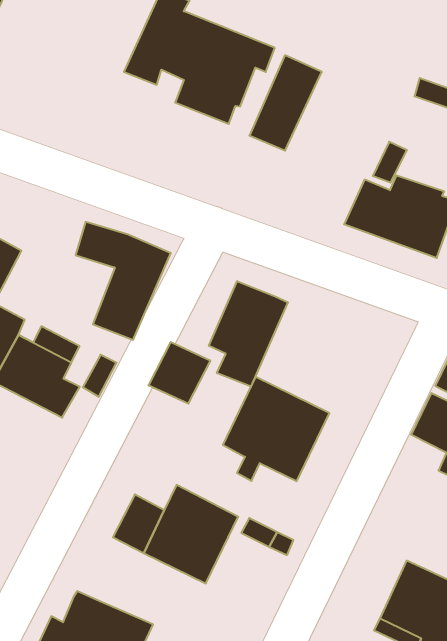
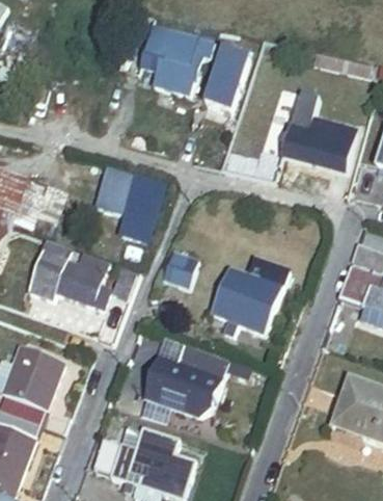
building: [209,281,288,387] -> none

